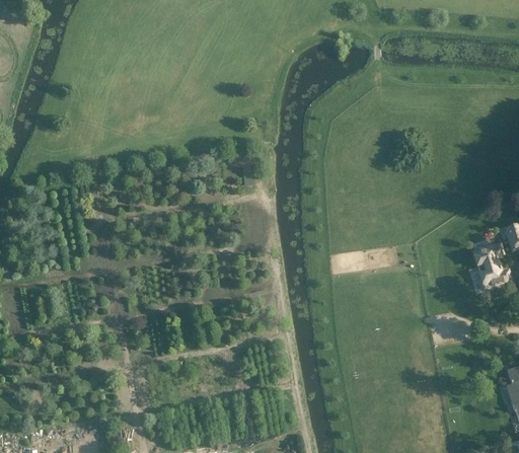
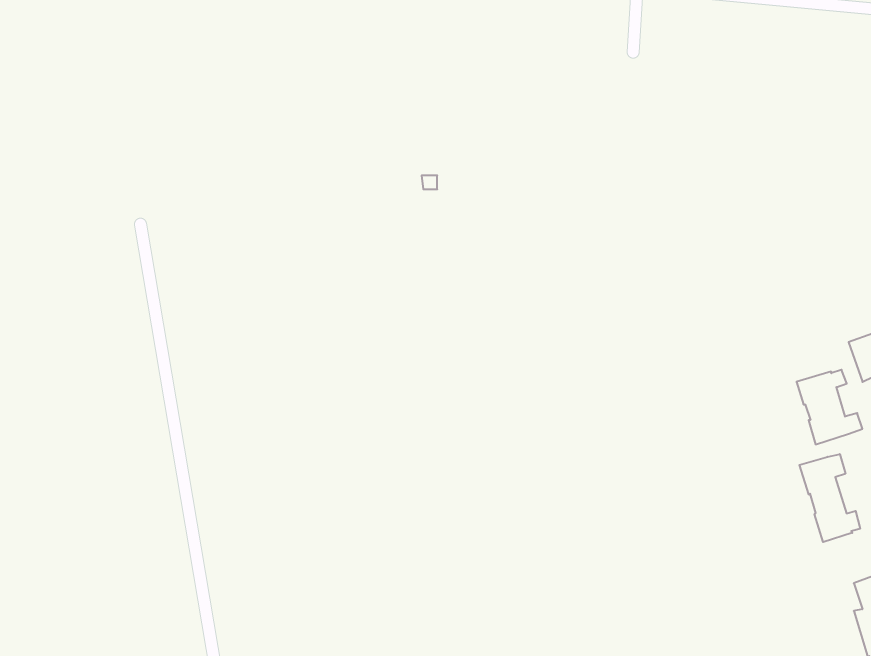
building: none -> [799,454,860,542]

